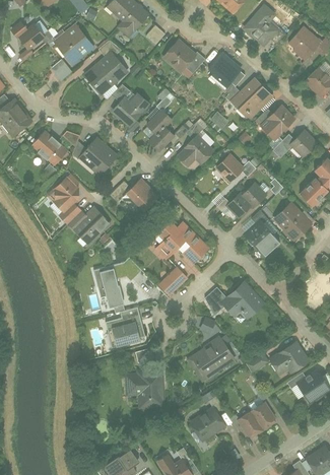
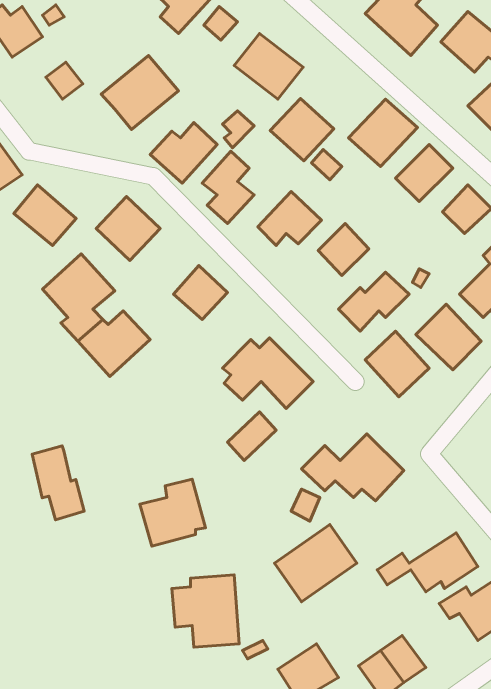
building: [53,23,95,65] -> none
building: [205,51,244,88] -> [270,99,334,161]
building: [94,265,126,310] -> [32,446,84,520]

